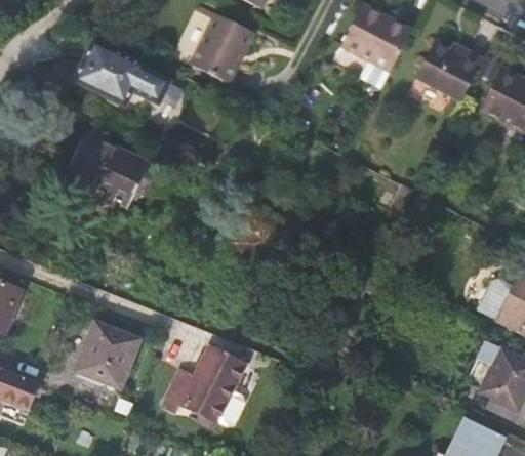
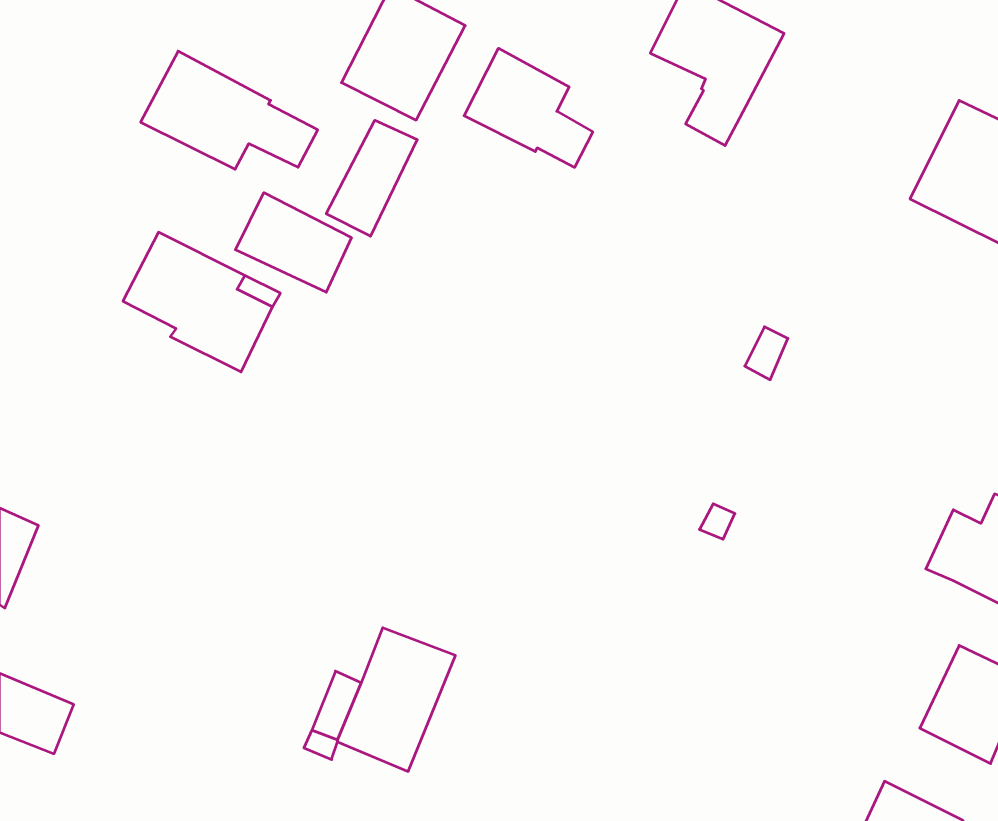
building: [418,40,484,99] -> none
building: none -> [464,48,593,167]
building: none -> [326,120,417,236]
building: none -> [235,193,351,292]
building: [83,325,138,386] -> none

